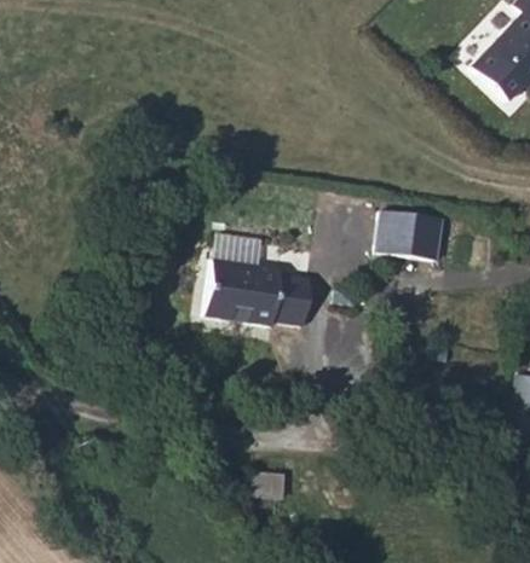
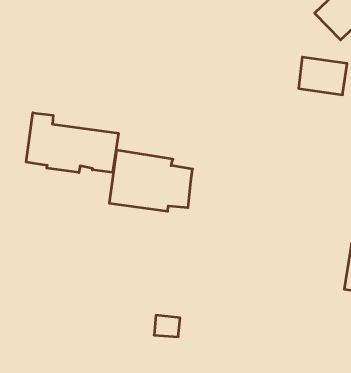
building: none -> [26,113,118,173]
building: [373,205,438,256] -> [299,57,347,95]

